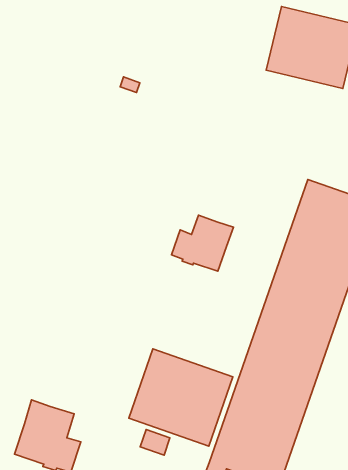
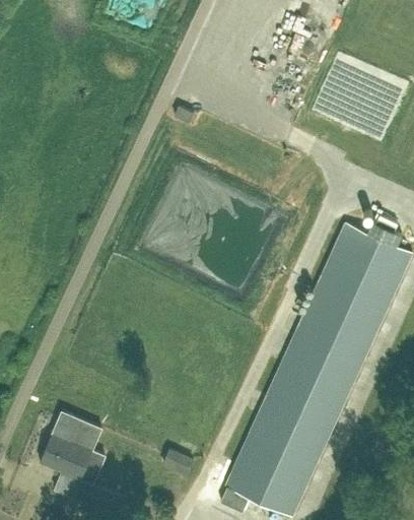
building: [171,215,233,271] -> none
building: [129,349,233,446] -> none

